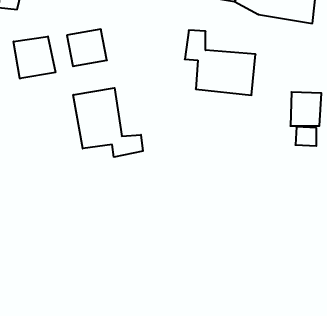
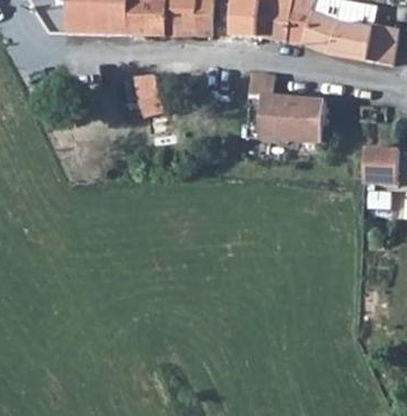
building: [14,36,55,79] -> none
building: [73,88,143,157] -> none

